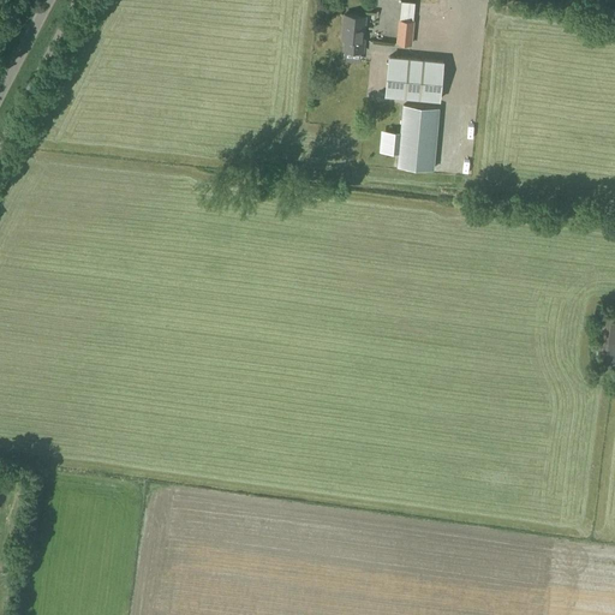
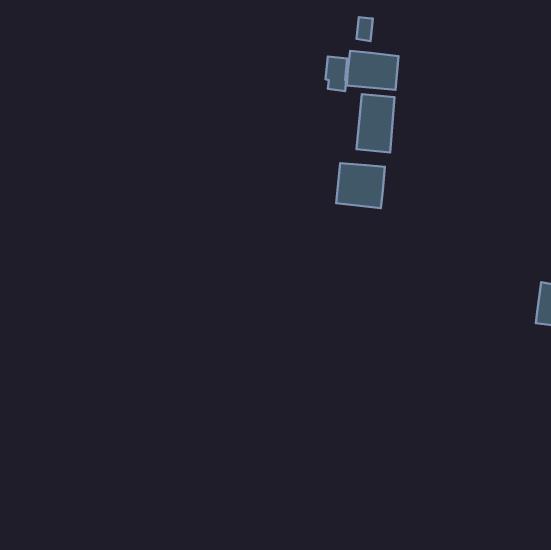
building: [342,16,366,54] -> [326,56,347,91]
building: none -> [336,163,385,208]

